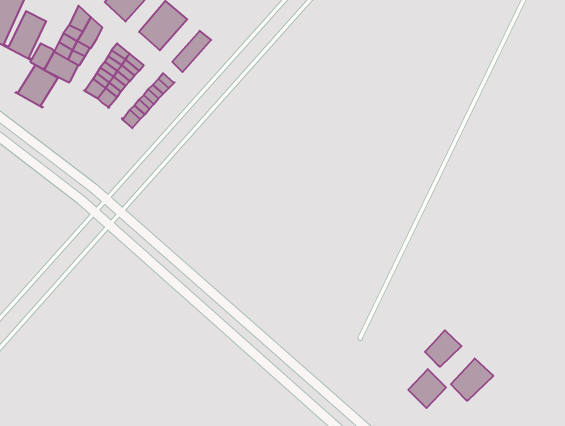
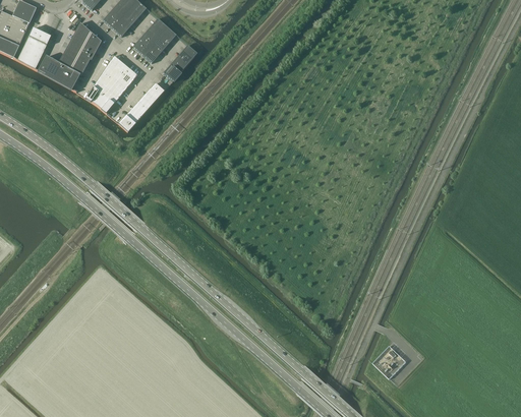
building: [15,65,58,108] -> none
building: [425,330,462,367] -> none
building: [451,358,493,401] -> none

